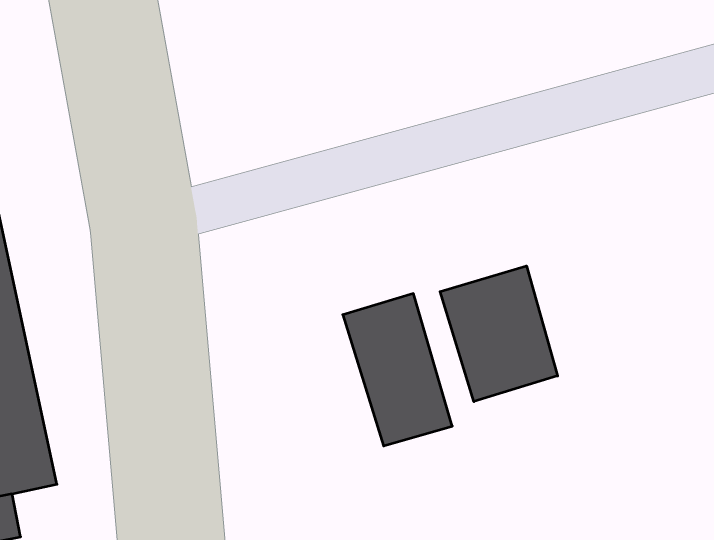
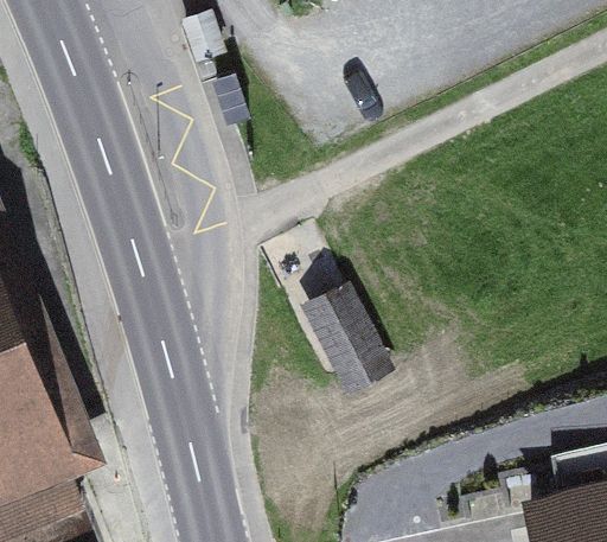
building: [440,266,558,402] -> none

